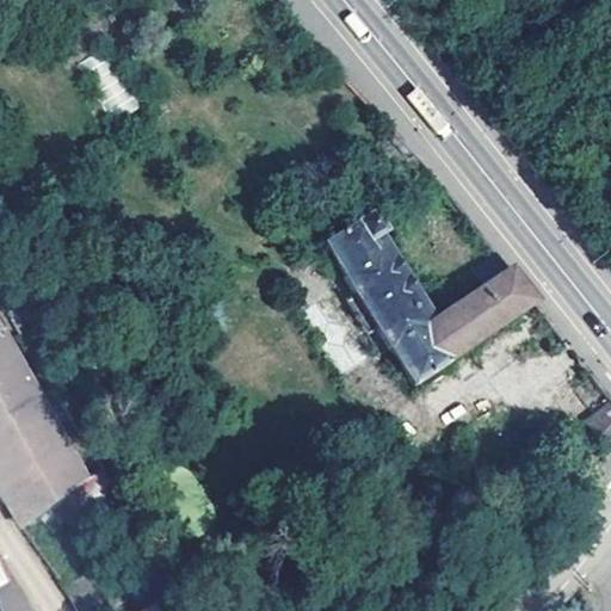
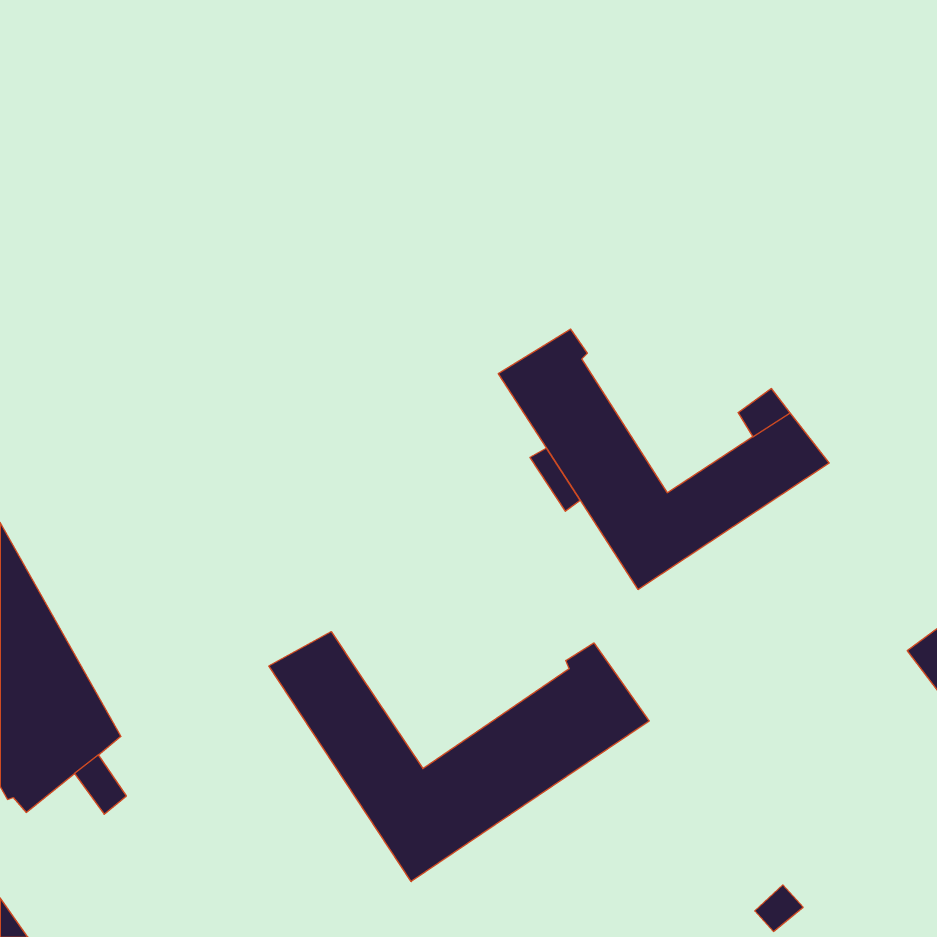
building: none -> [269,632,649,882]

